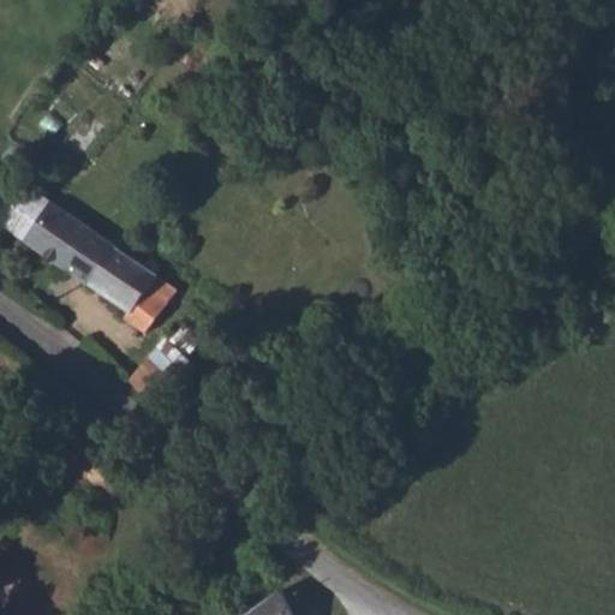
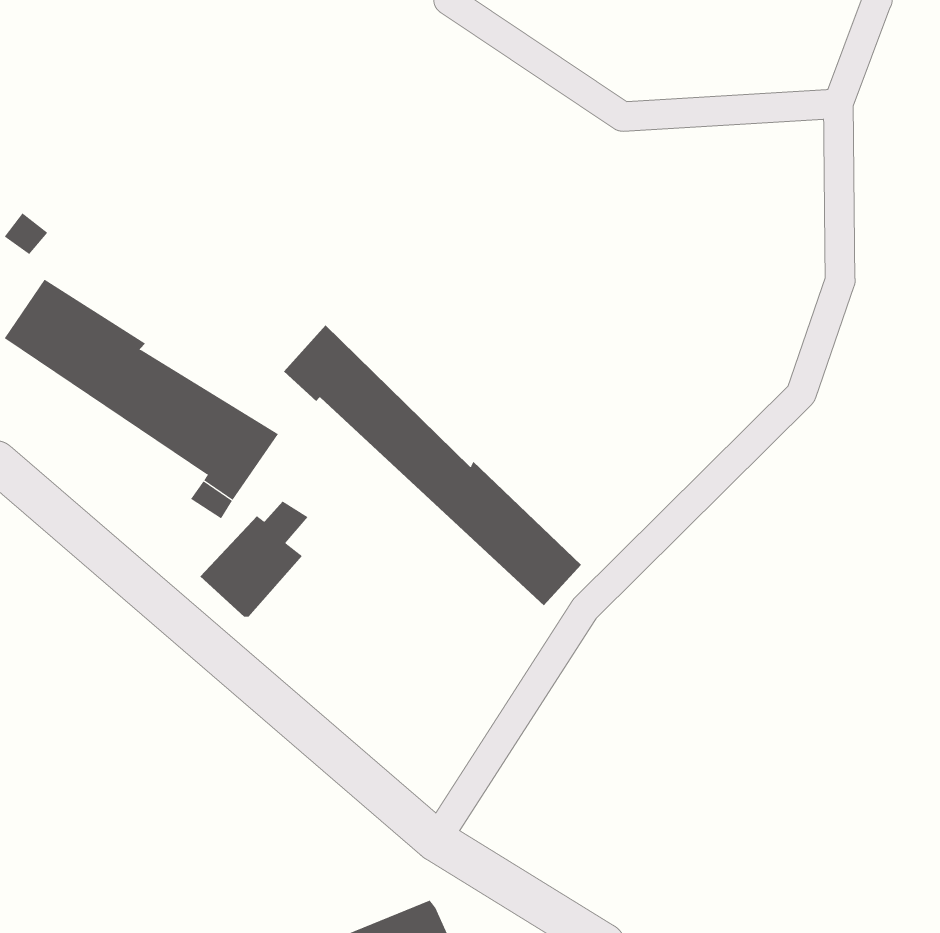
building: none -> [283,324,582,606]

